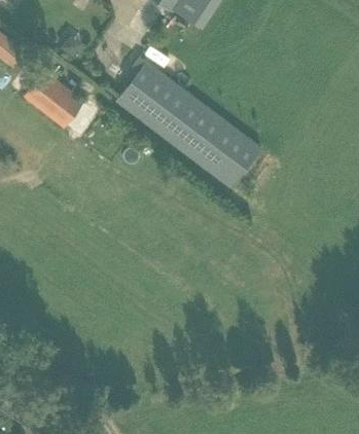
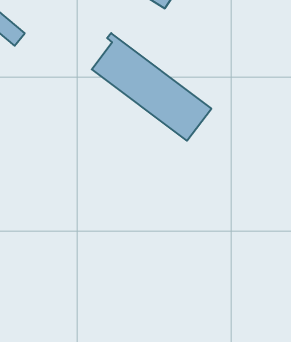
building: [24,72,82,129] -> none

